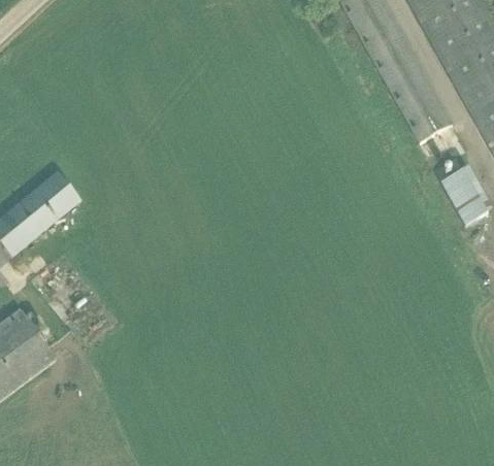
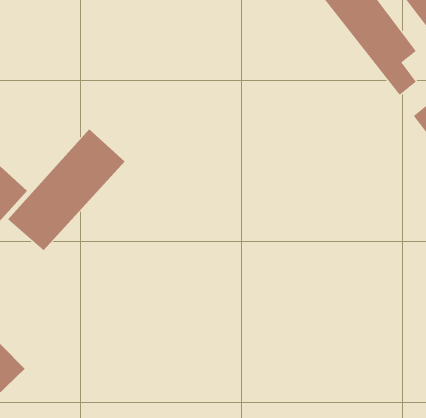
building: none -> [7,129,126,251]

